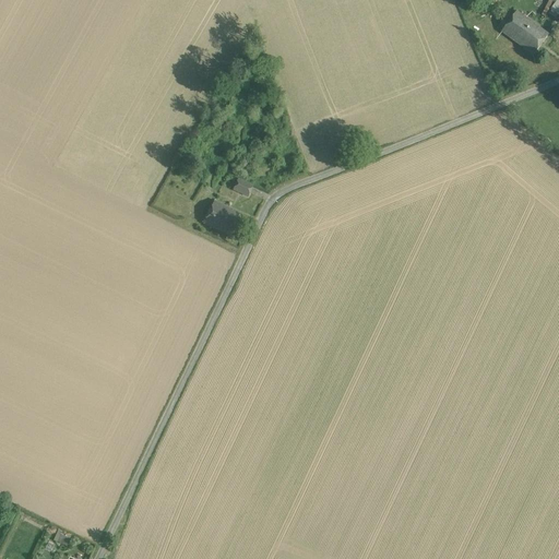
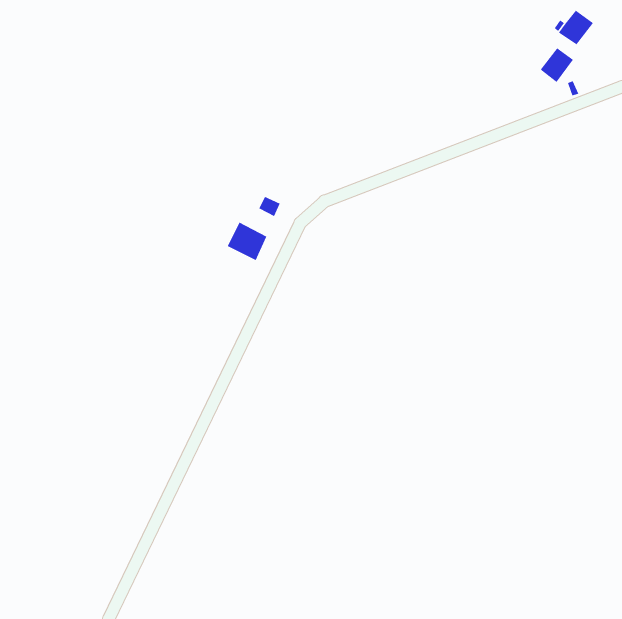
building: [516,21,547,52] -> [540,48,574,83]

